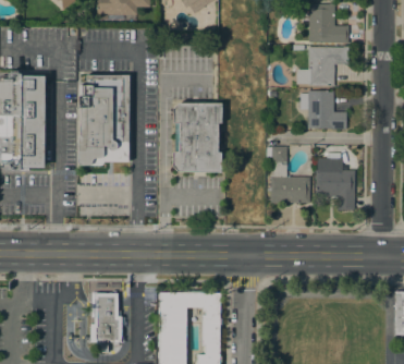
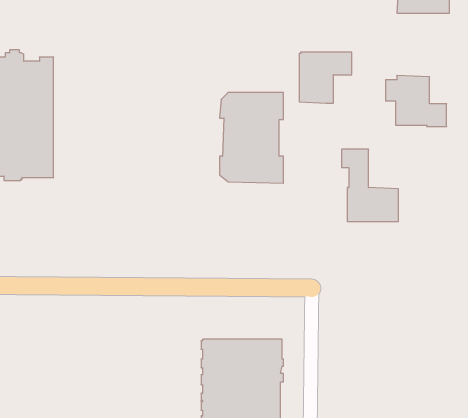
building: [308,46,348,85] -> [299,52,352,103]
building: [77,74,130,165] -> none
building: [315,158,354,209] -> none
building: [89,290,124,343] -> none

